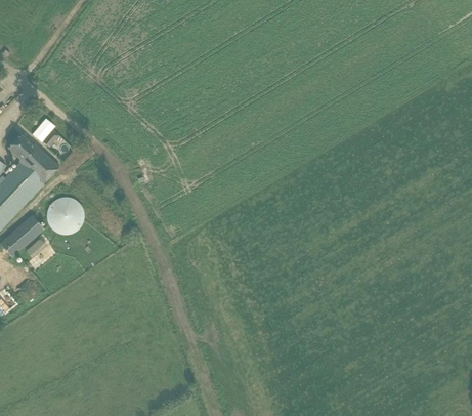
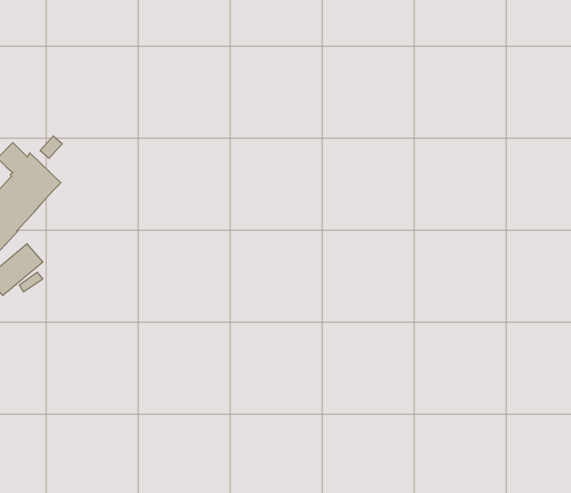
building: [46,196,84,234] -> none

